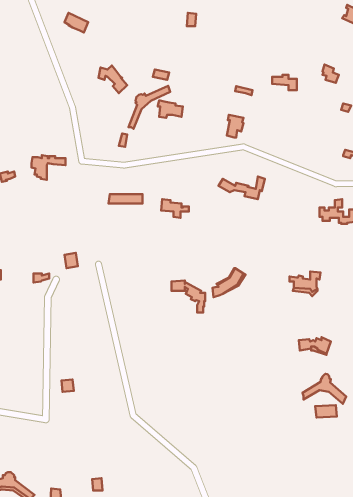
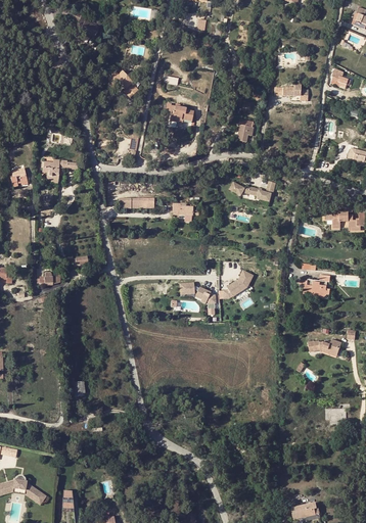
building: [128,86,170,129] -> none
building: [302,374,346,404] -> none

